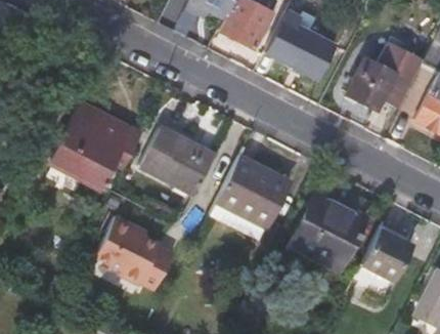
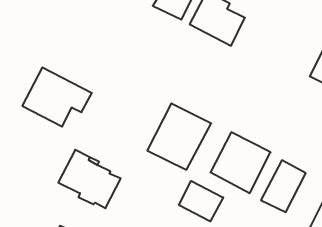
building: [345,52,424,111] -> none
building: [140,126,216,195] -> none
building: none -> [179,181,223,221]

